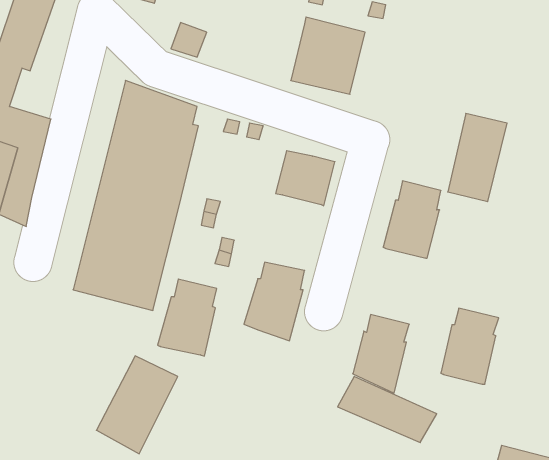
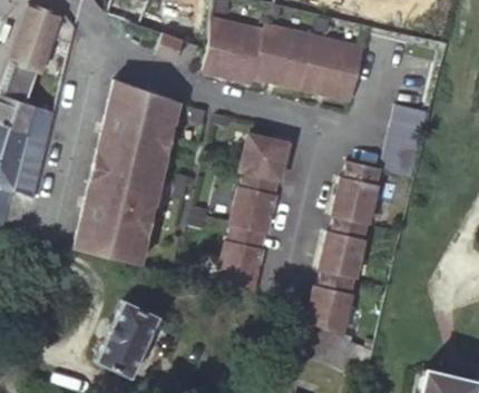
building: none -> [204,18,265,82]
building: none -> [302,38,362,100]
building: [158,279,217,356] -> [231,169,278,232]
building: [441,308,499,384] -> [316,213,363,274]

